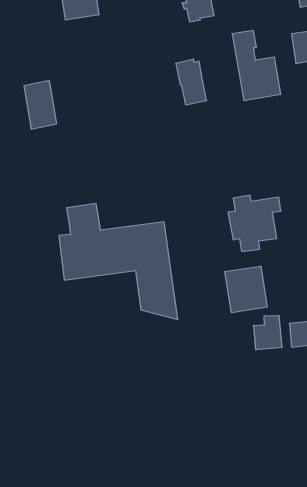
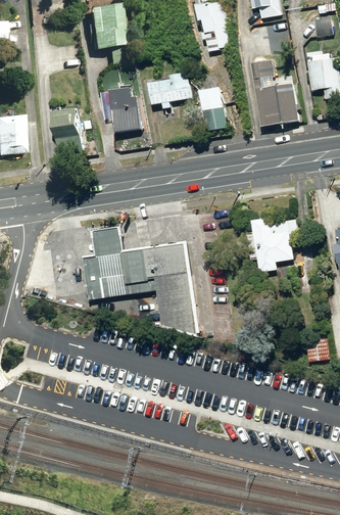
building: none -> [149,72,193,107]
building: none -> [100,86,143,132]
building: [225,266,267,313] -> none
building: [254,315,282,350] -> none

